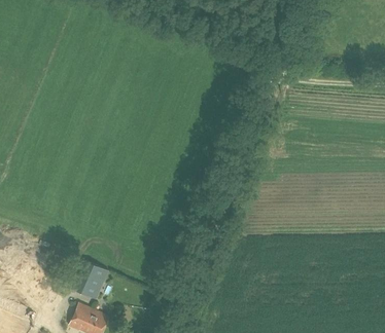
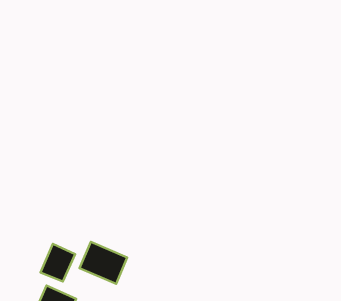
building: none -> [80,242,127,284]

